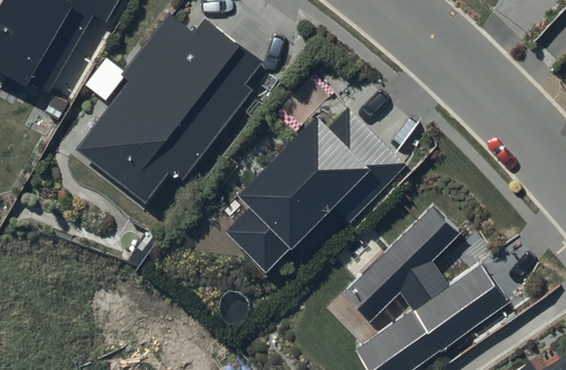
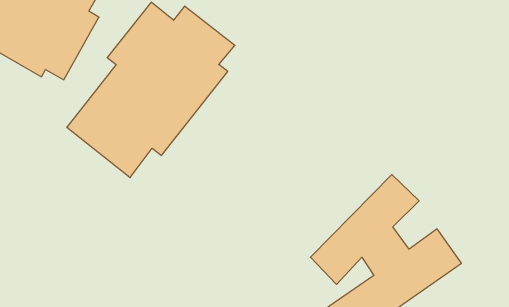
building: [224,109,403,275] -> none

